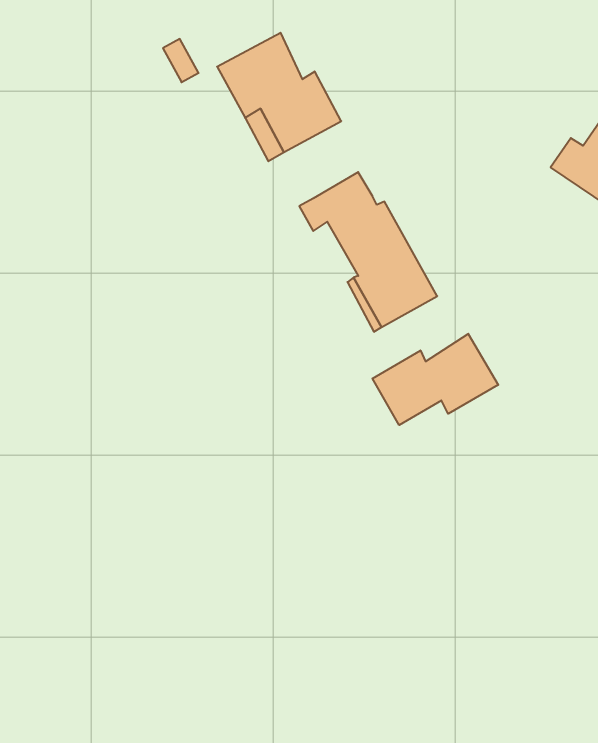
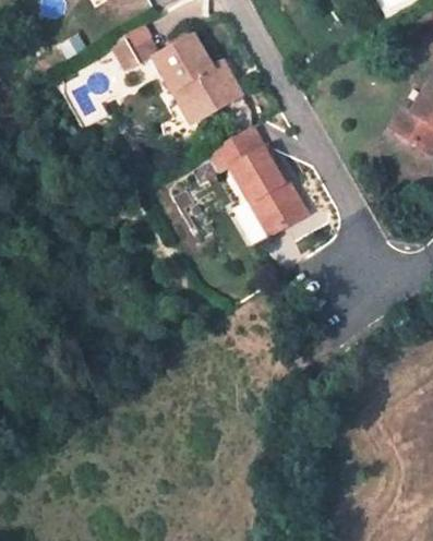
building: [372,334,498,425] -> none

